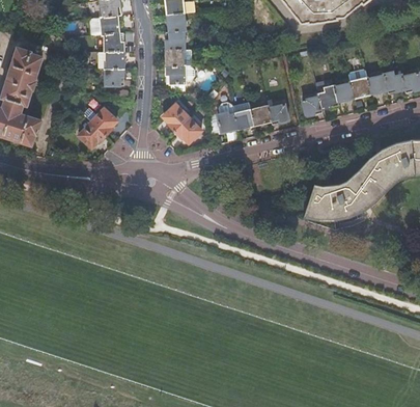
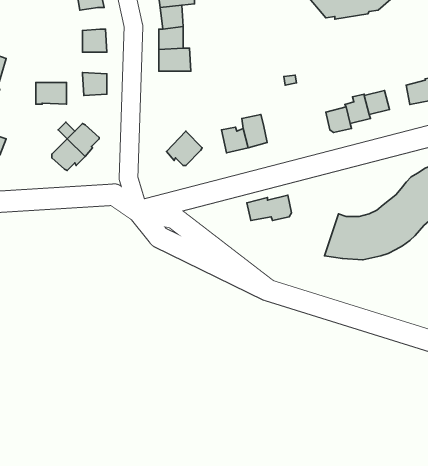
building: [88,15,118,34] -> none
building: [99,51,123,69] -> [36,83,66,104]
building: [166,66,195,83] -> none
building: [347,67,370,98] -> none
building: [162,104,188,132] -> none
building: [251,104,287,125] -> [247,195,292,221]

